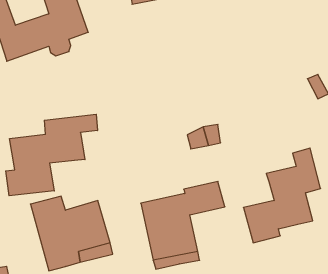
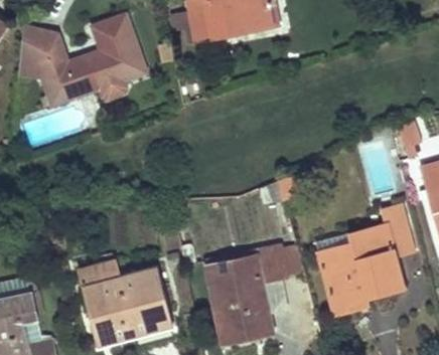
building: [6,114,97,196] -> none
building: none -> [318,243,358,274]

